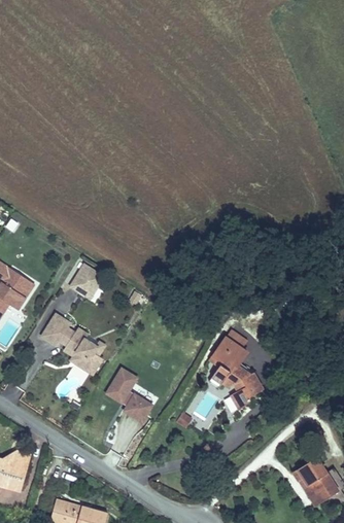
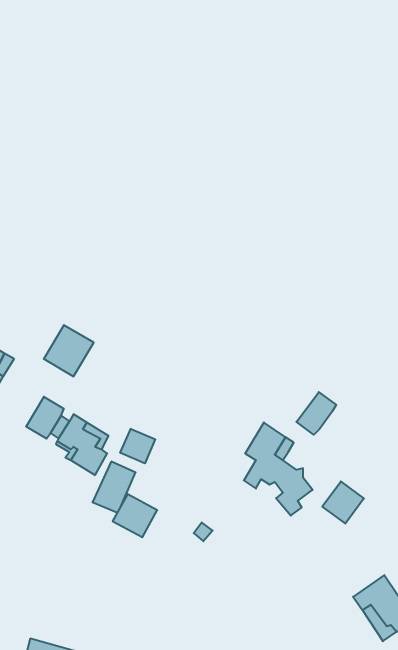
building: none -> [296,392,336,435]
building: none -> [120,429,155,463]
building: none -> [322,481,364,524]

